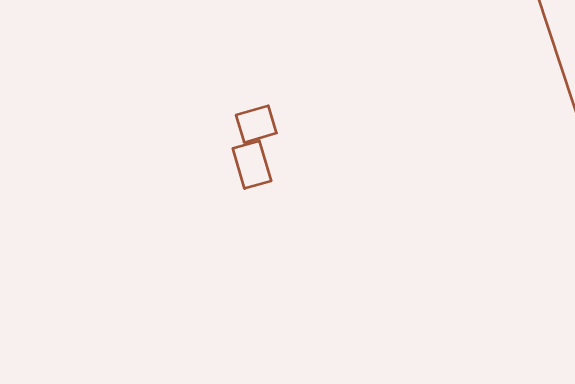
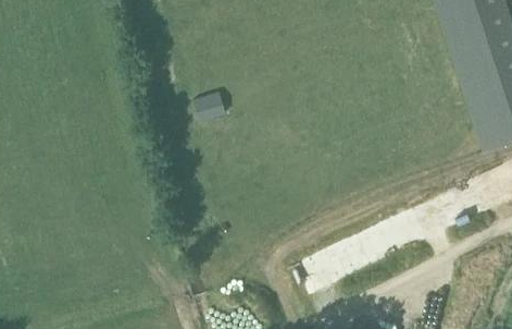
building: [233,141,271,189] -> none

